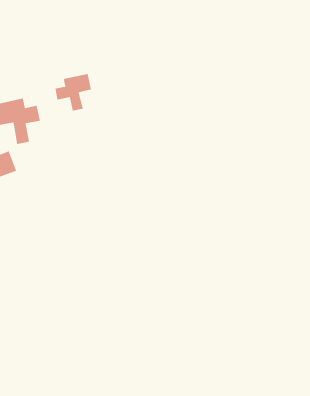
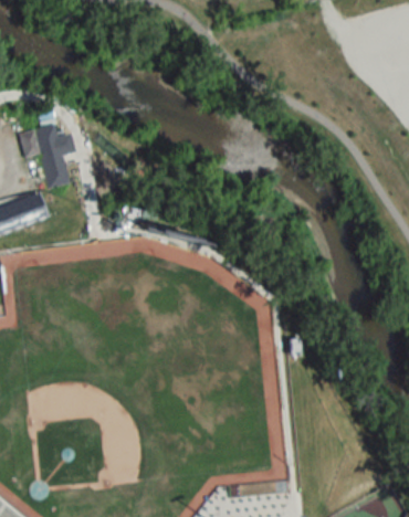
building: [54,73,92,112] -> none

